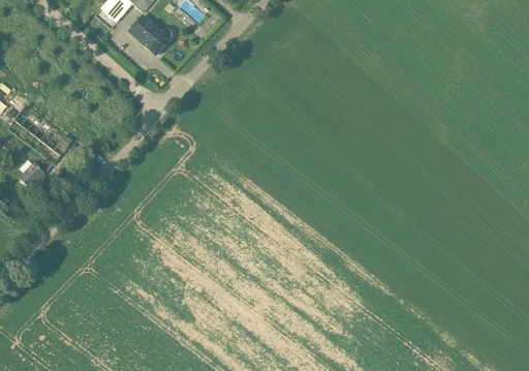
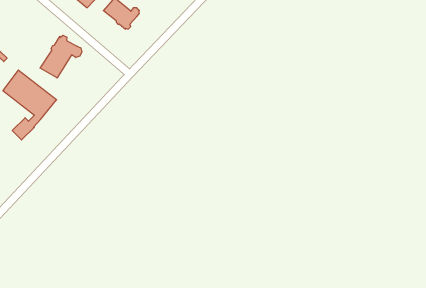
building: none -> [40,35,82,78]

